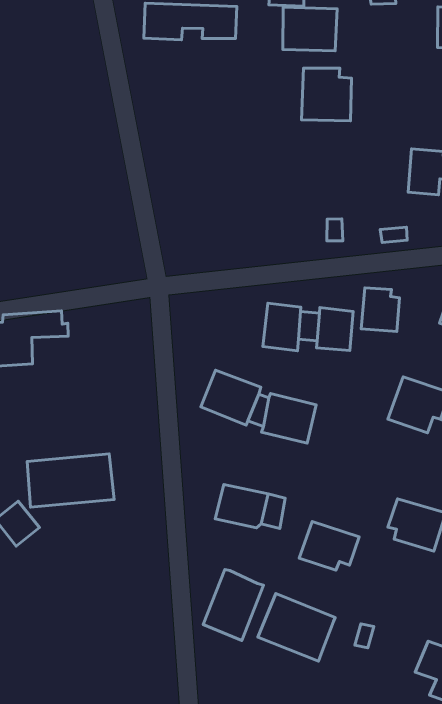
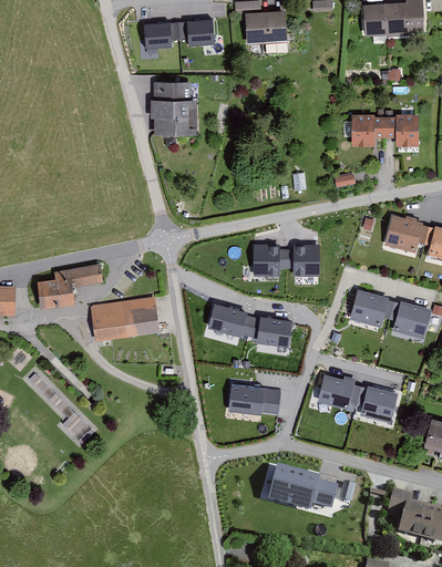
building: [302,68,352,121] -> none
building: none -> [151,84,198,138]
building: [361,288,400,332] -> none
building: [27,454,114,507] -> [91,293,160,339]
building: [299,521,359,570] -> [319,374,363,410]
building: [203,570,264,640] -> none
building: none -> [316,481,340,508]

